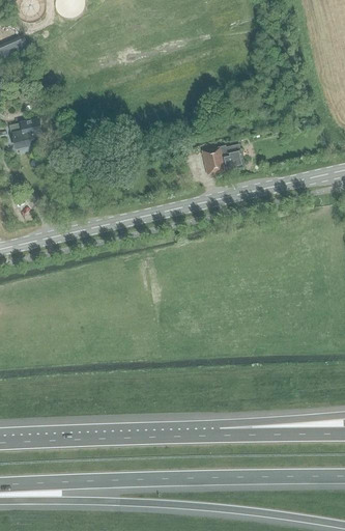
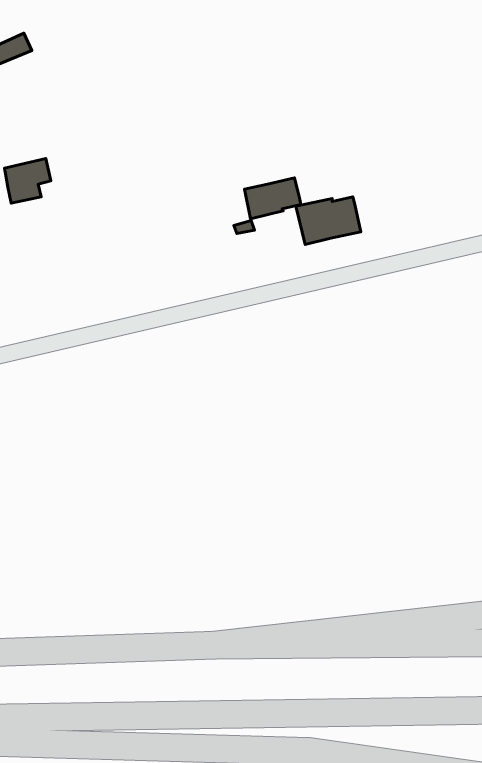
building: none -> [244,178,301,219]

